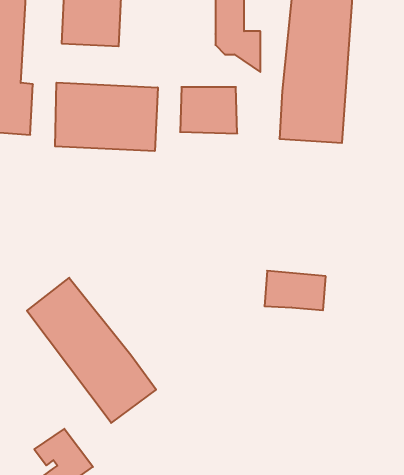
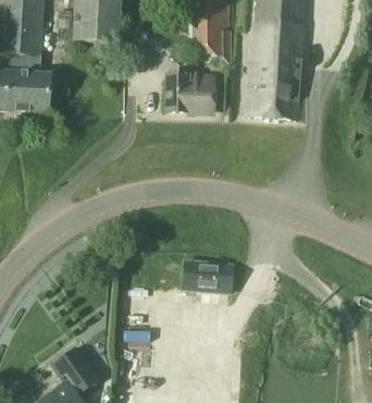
building: [55,83,158,151] -> none
building: [264,271,326,310] -> [183,260,232,292]
building: [27,278,156,423] -> none

